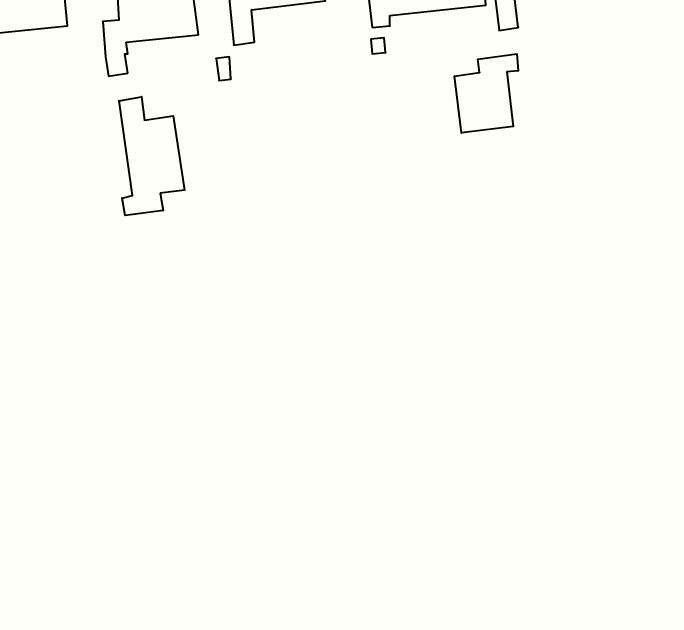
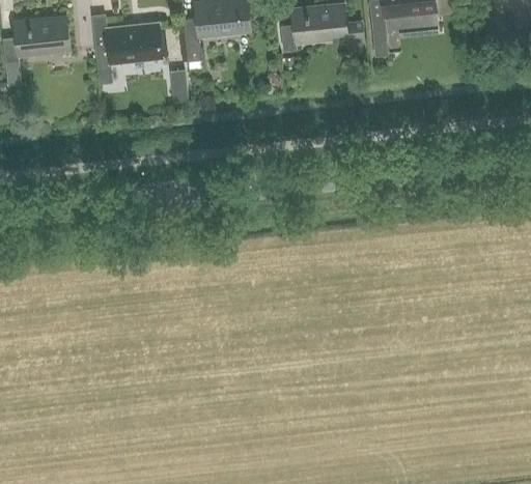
building: [455,54,518,133] -> none
building: [119,97,185,215] -> none

